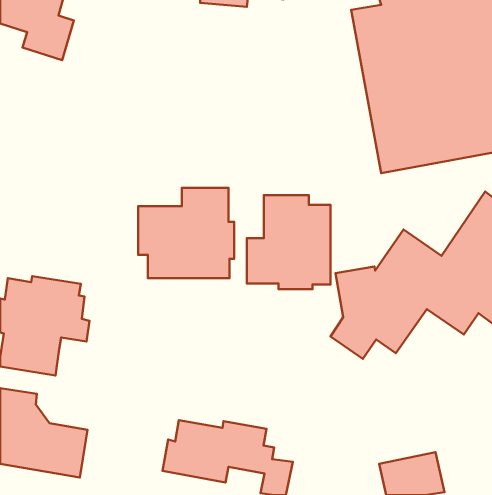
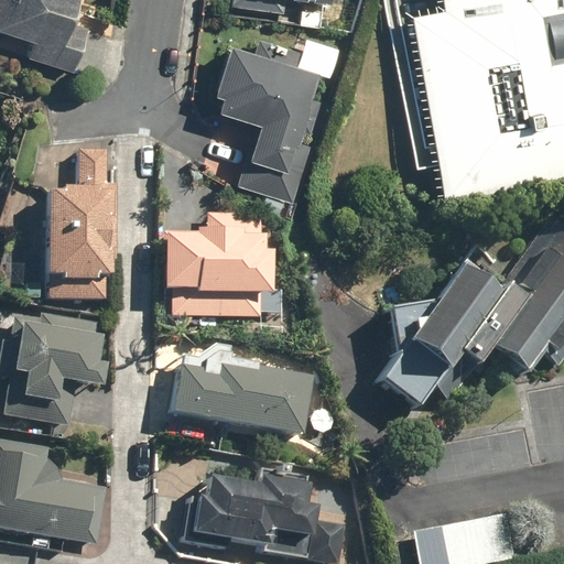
building: none -> [208,35,324,200]
building: none -> [48,149,116,299]
building: [247,195,330,289] -> none
building: none -> [171,365,313,434]

